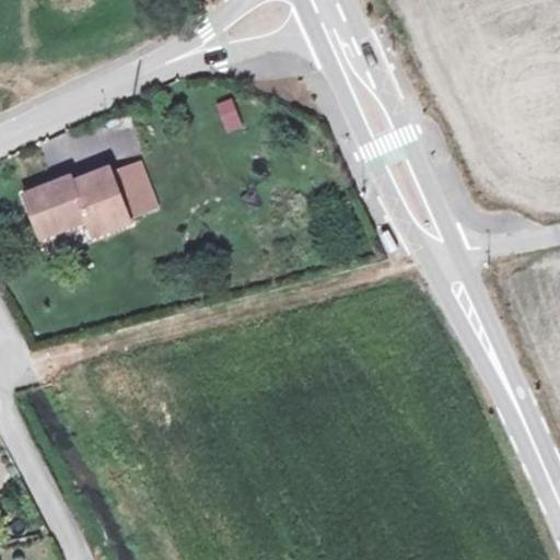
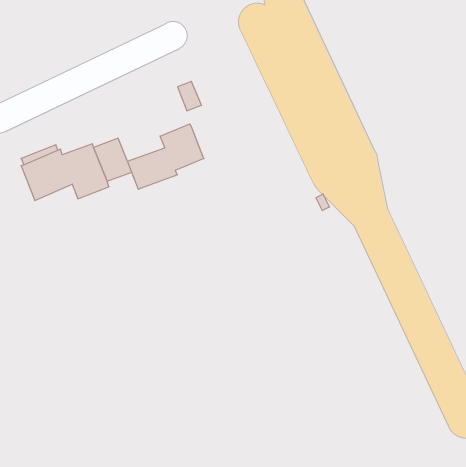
building: none -> [128,124,204,189]

